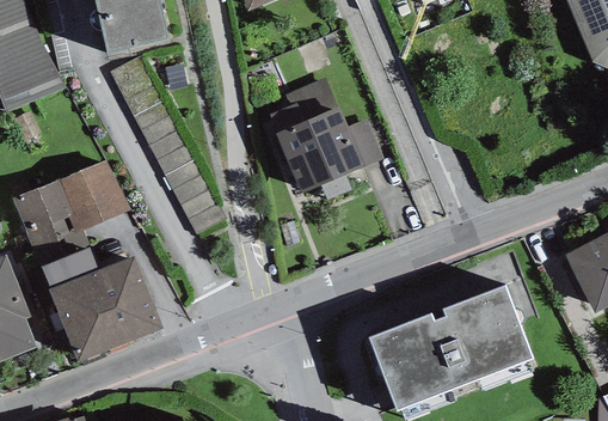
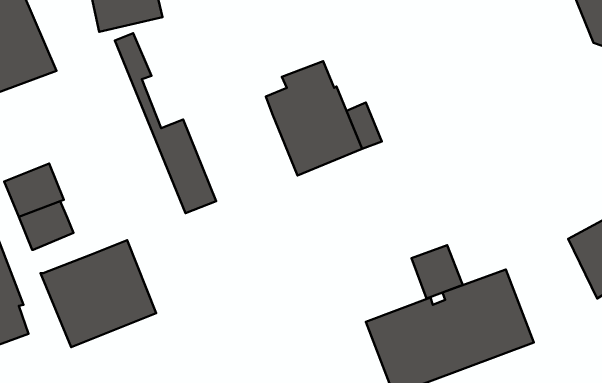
building: [56,160,130,233] -> none
building: [41,245,97,287] -> none
building: none -> [411,245,463,299]

